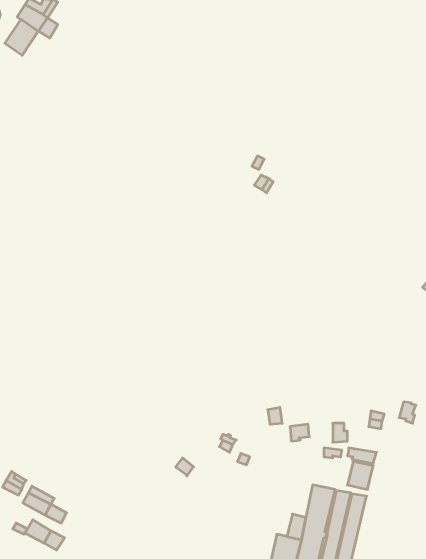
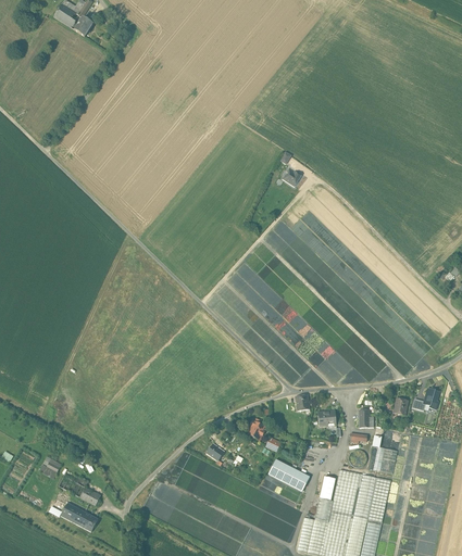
building: [5,19,38,55] -> none
building: none -> [269,459,310,491]

